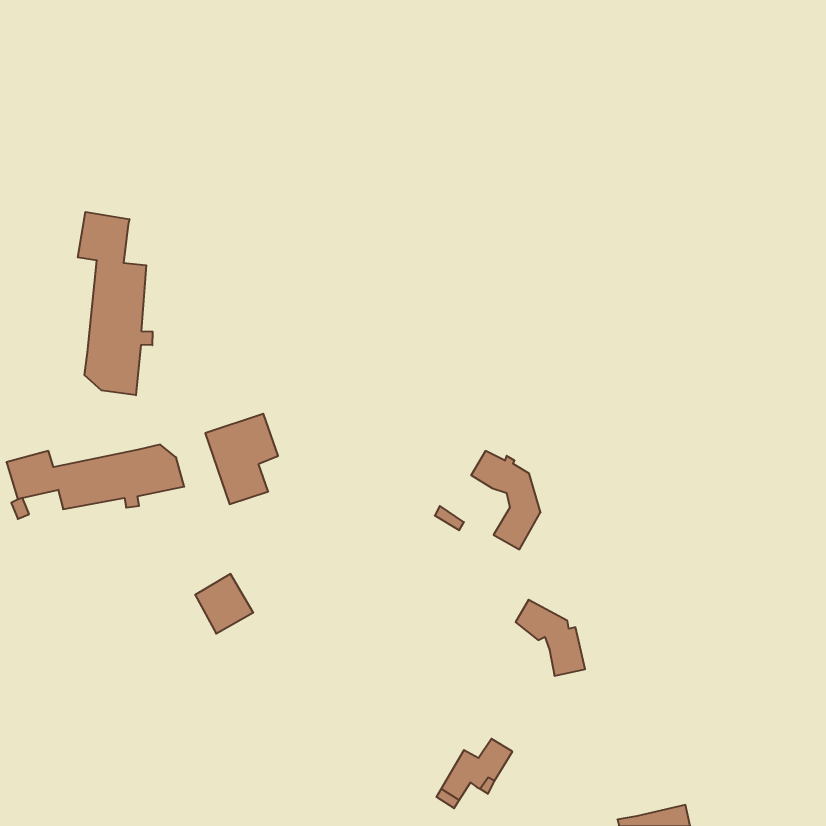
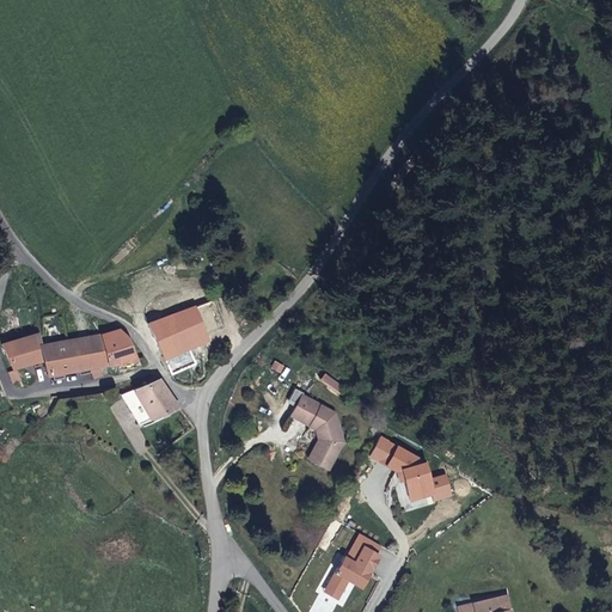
building: [78,212,153,395] -> none
building: [471,451,541,549] -> [290,394,342,467]
building: [195,574,253,634] -> [133,378,176,422]

